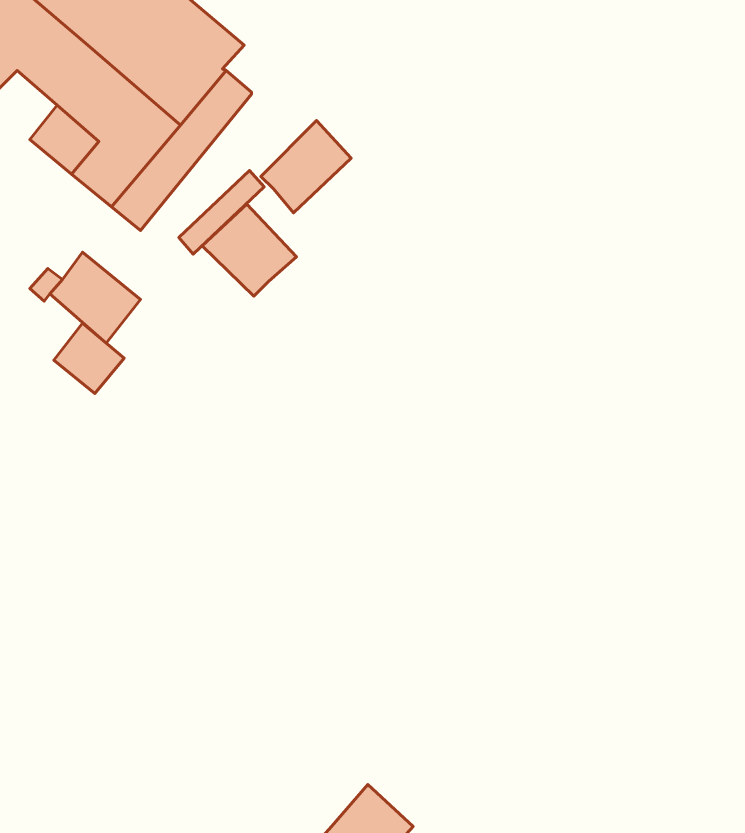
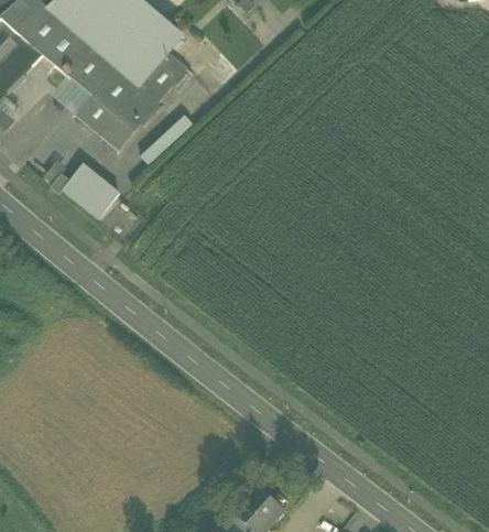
building: [261,121,351,213] -> none
building: [202,204,297,296] -> none
building: [54,323,124,394] -> none

